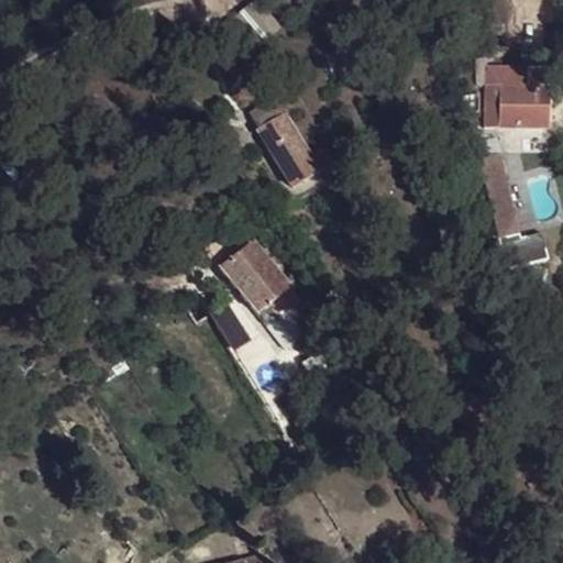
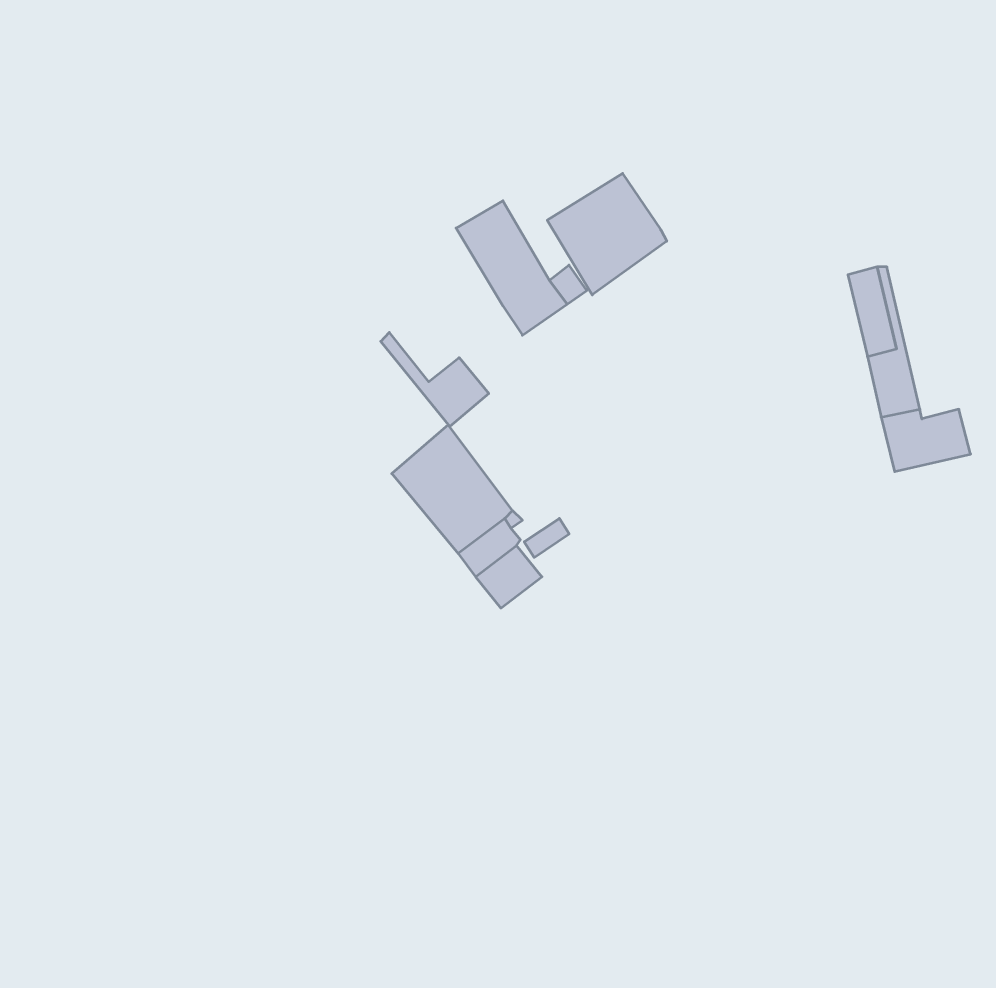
building: [482,65,552,125] -> none
building: none -> [547,173,667,295]
building: none -> [381,332,489,427]

